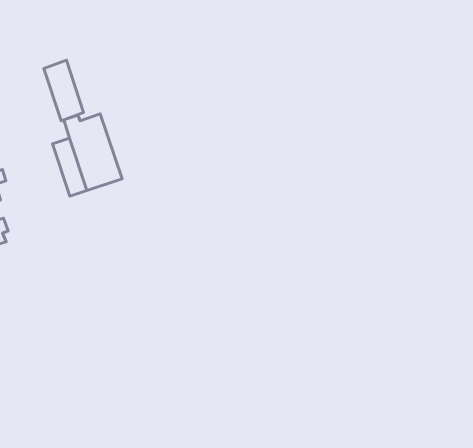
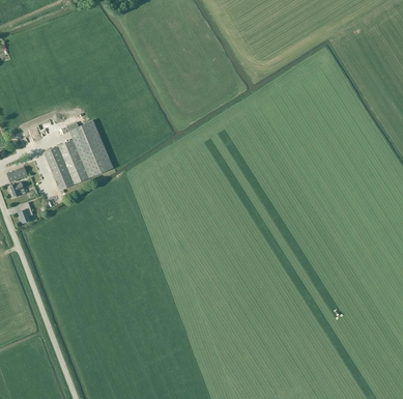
building: [44,60,84,121] -> [42,145,75,191]

